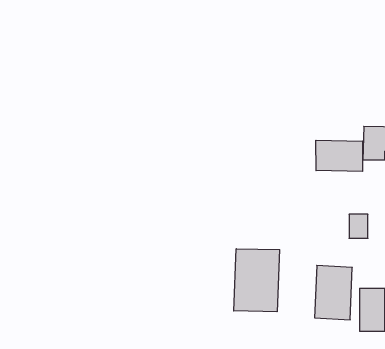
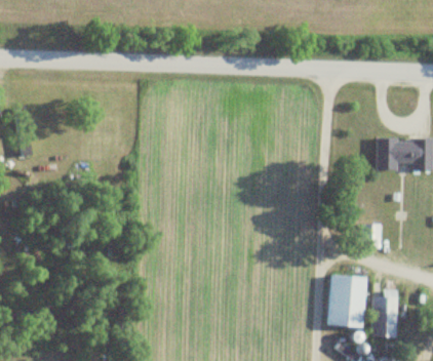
building: [316,140,363,171] -> none
building: [234,249,280,312] -> none

